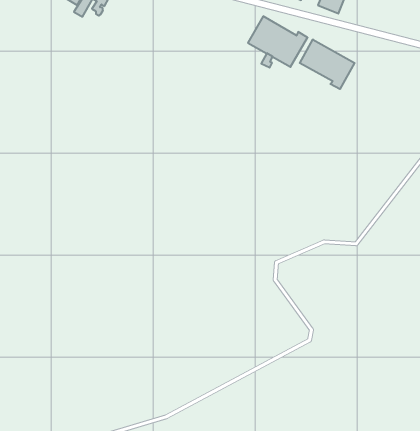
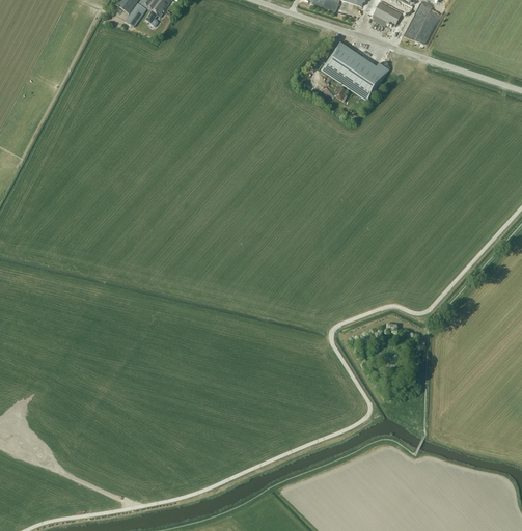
building: [300,39,355,89] -> none

